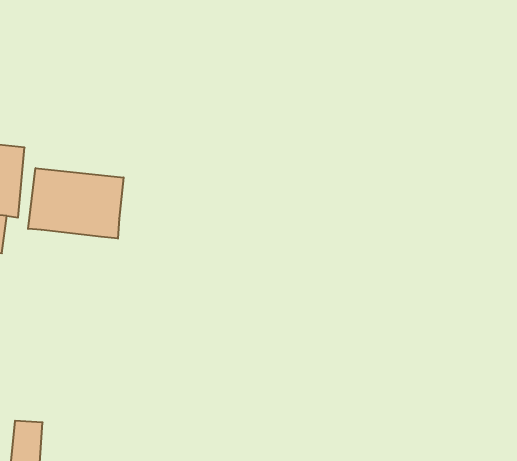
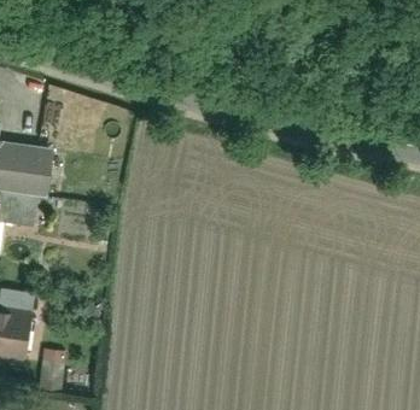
building: [28,168,124,239] -> none

